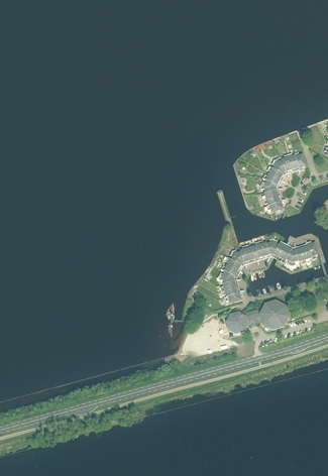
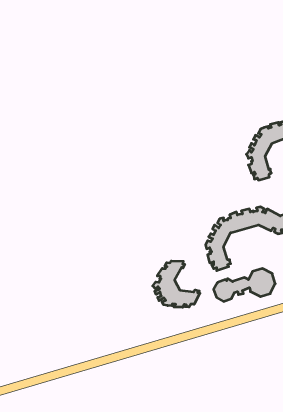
building: none -> [153,261,200,307]

